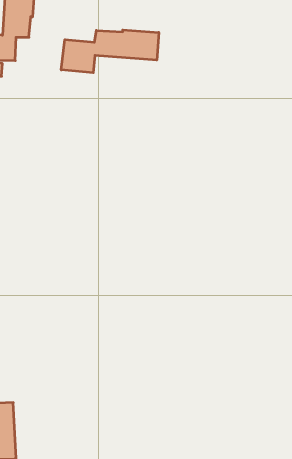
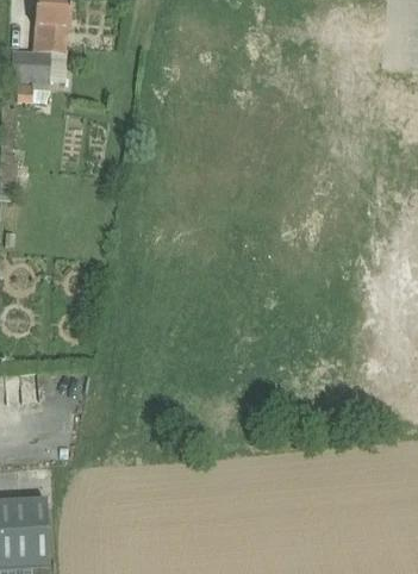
building: [61,30,159,73] -> none

